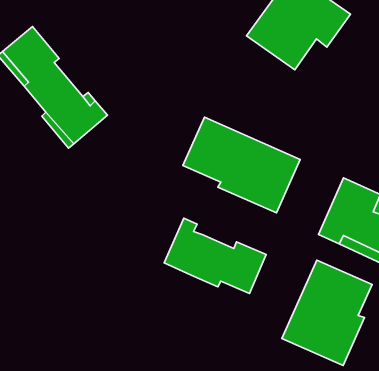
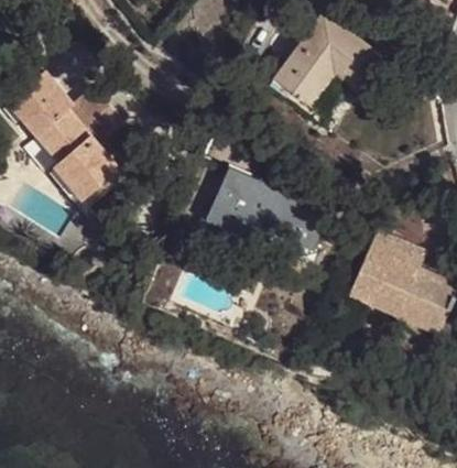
building: [164,218,266,293] -> none
building: [282,260,372,365] -> none

